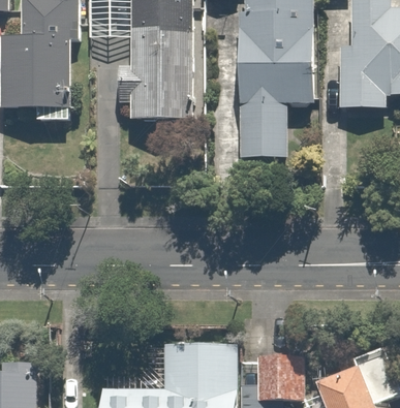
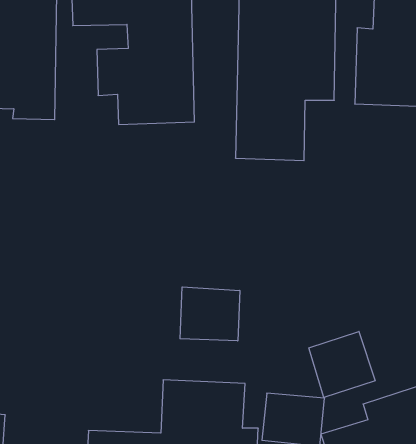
building: none -> [180,287,240,341]
building: none -> [309,331,375,397]

